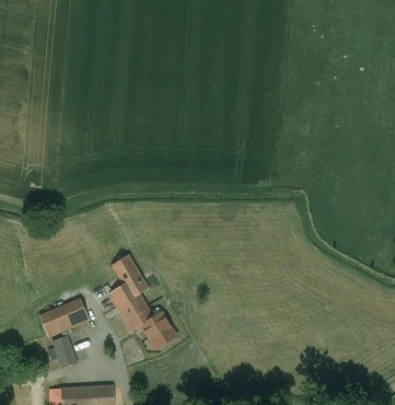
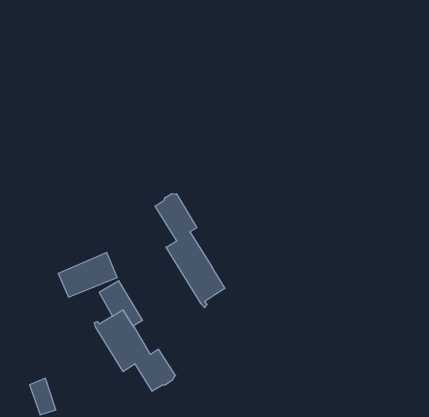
building: none -> [155,194,225,308]
building: [38,299,88,336] -> [58,252,117,297]

